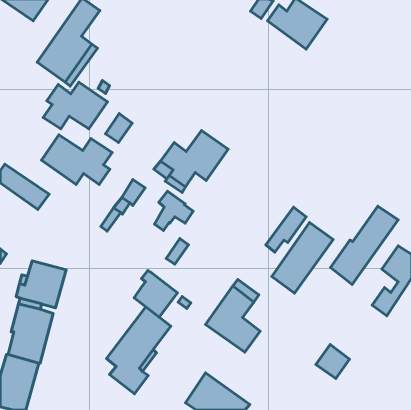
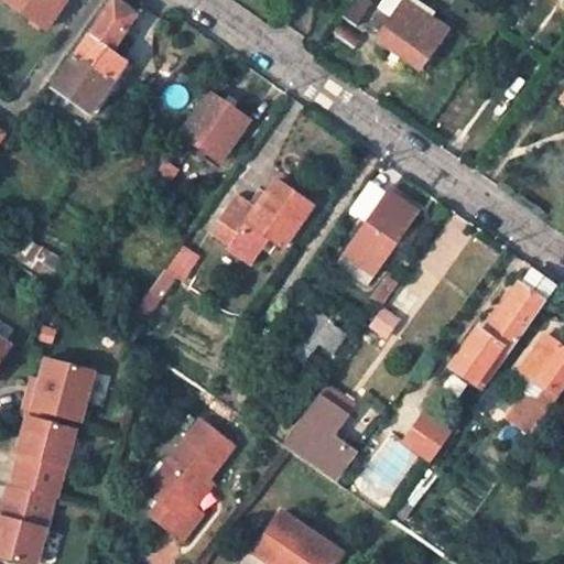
building: none -> [178,90,249,162]
building: [43,82,107,129] -> none
building: [41,135,112,185] -> none
building: [155,191,193,230] -> [293,306,346,360]
building: [272,222,333,293] -> [337,188,421,285]
building: [134,271,178,317] -> none
building: [316,345,350,378] -> [404,413,451,459]

